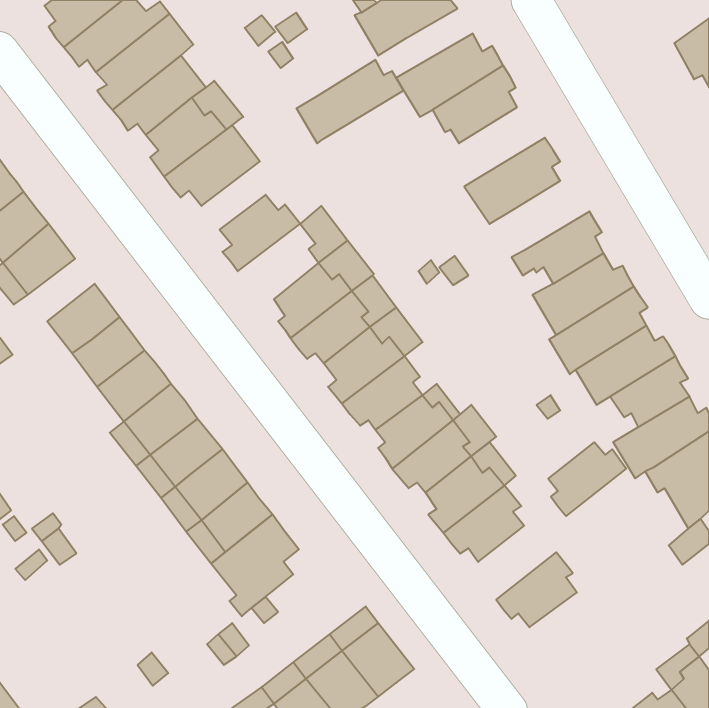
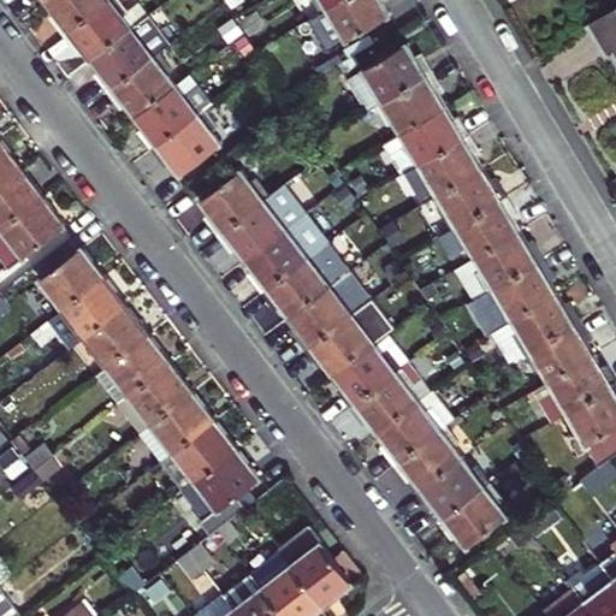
building: [296,60,403,143] -> [379,95,472,167]
building: none -> [442,159,510,219]
building: none -> [206,196,276,261]
building: [548,442,626,516] -> [414,457,481,521]

